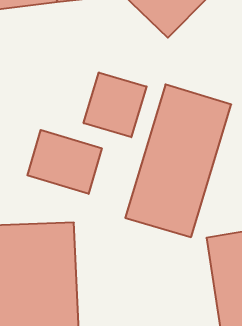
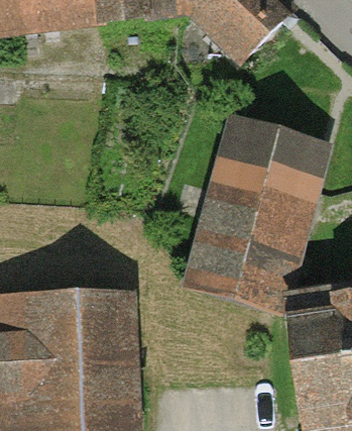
building: [84,72,147,137] -> none
building: [27,130,102,194] -> none

